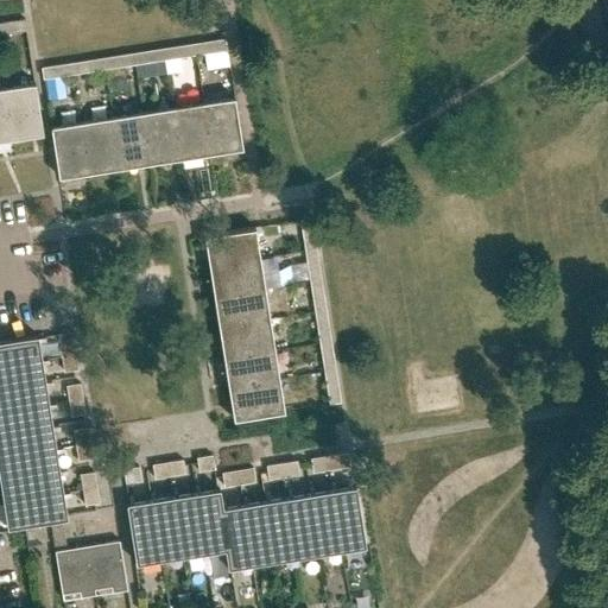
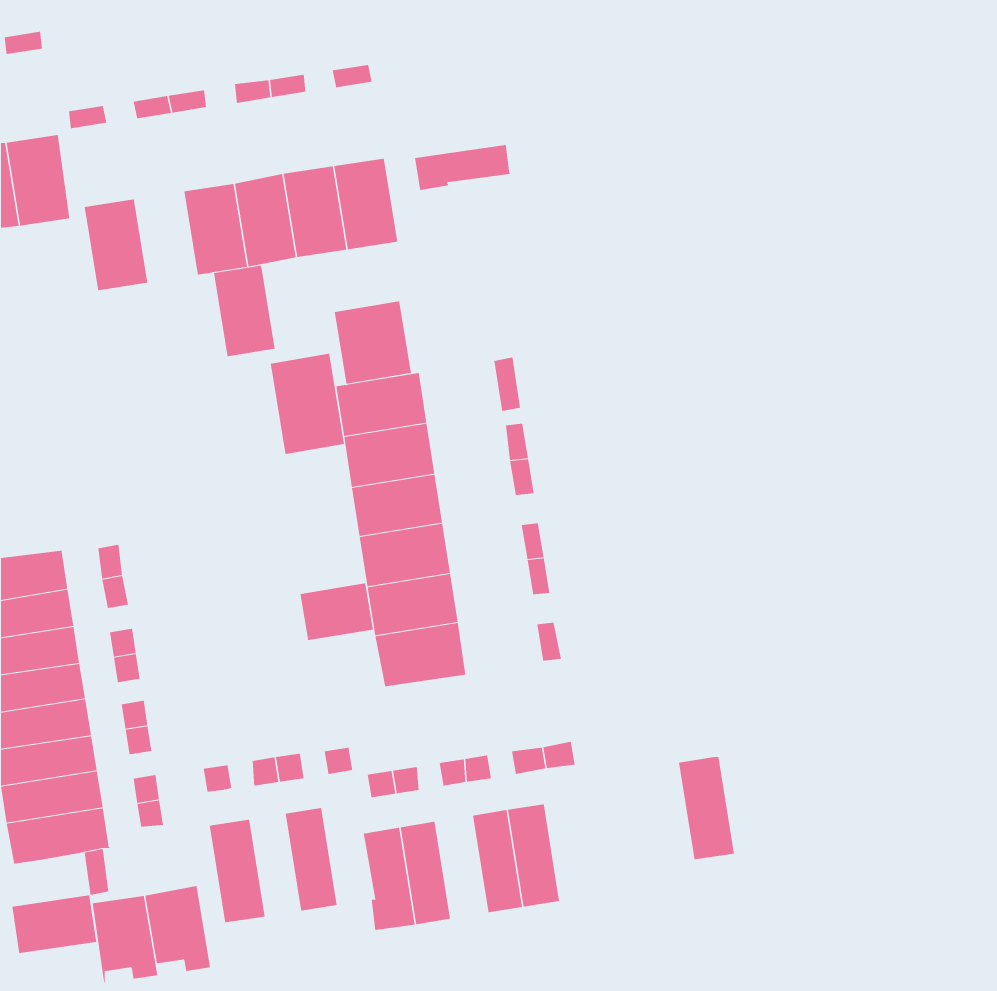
building: none -> [415,144,511,191]
building: [82,120,120,176] -> [213,265,275,357]
building: none -> [334,300,411,385]
building: none -> [270,353,345,455]
building: none -> [300,583,374,641]
building: [331,489,366,552] -> [678,757,735,860]
building: [196,492,228,555] -> none
building: [152,499,183,562] -> none
building: [265,500,297,563] -> none
building: none -> [12,895,97,954]

